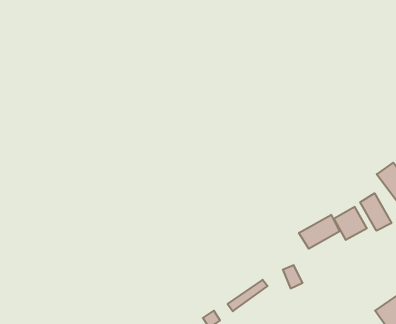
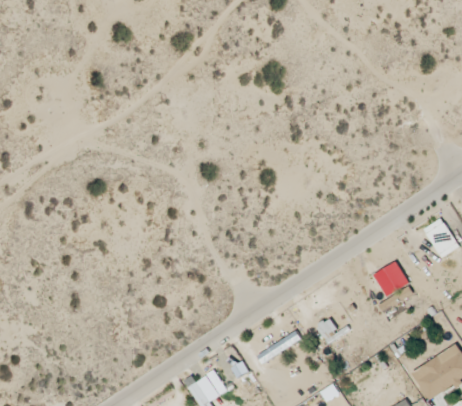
building: [360,193,391,231] -> none
building: [299,215,339,249] -> none

